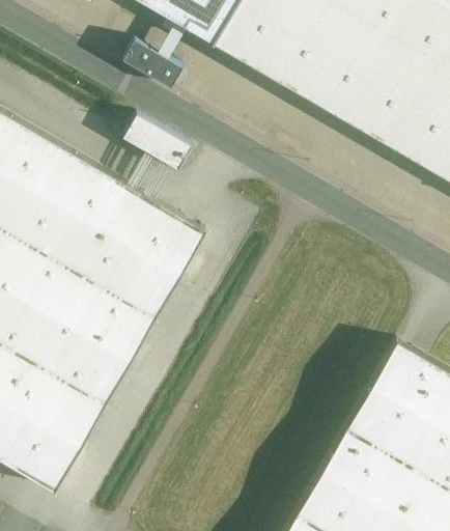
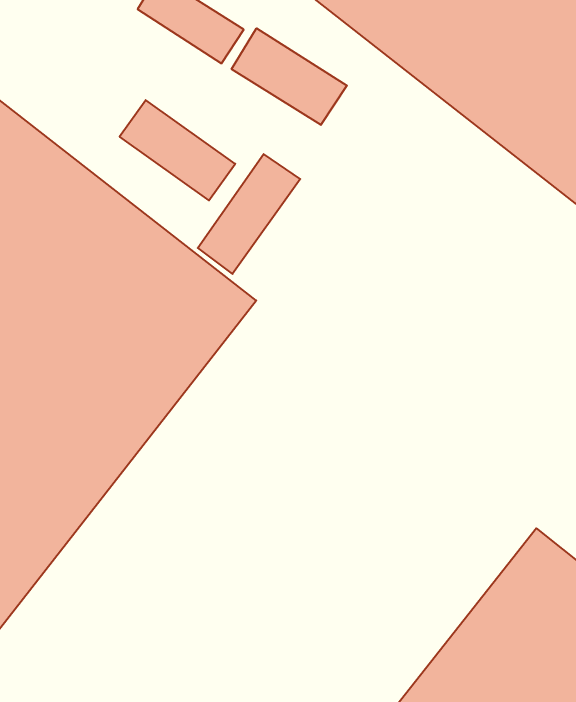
building: none -> [232,28,347,125]
building: none -> [198,154,300,274]

